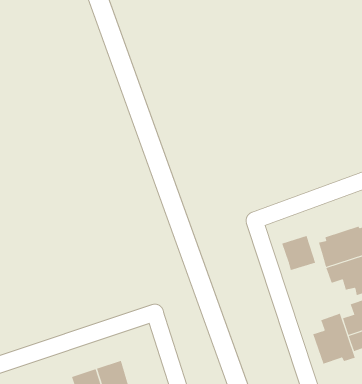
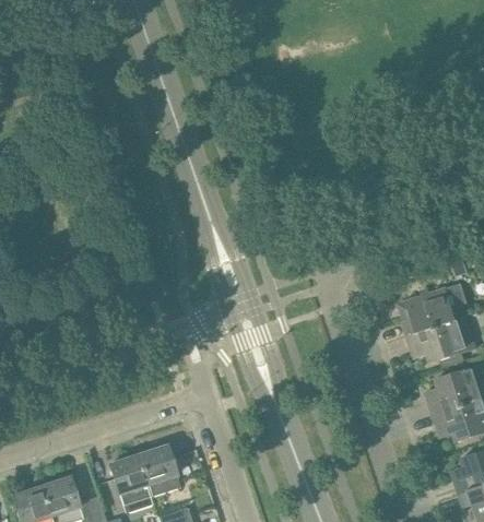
building: [281,235,316,271] -> none
building: [312,313,355,365] -> none

